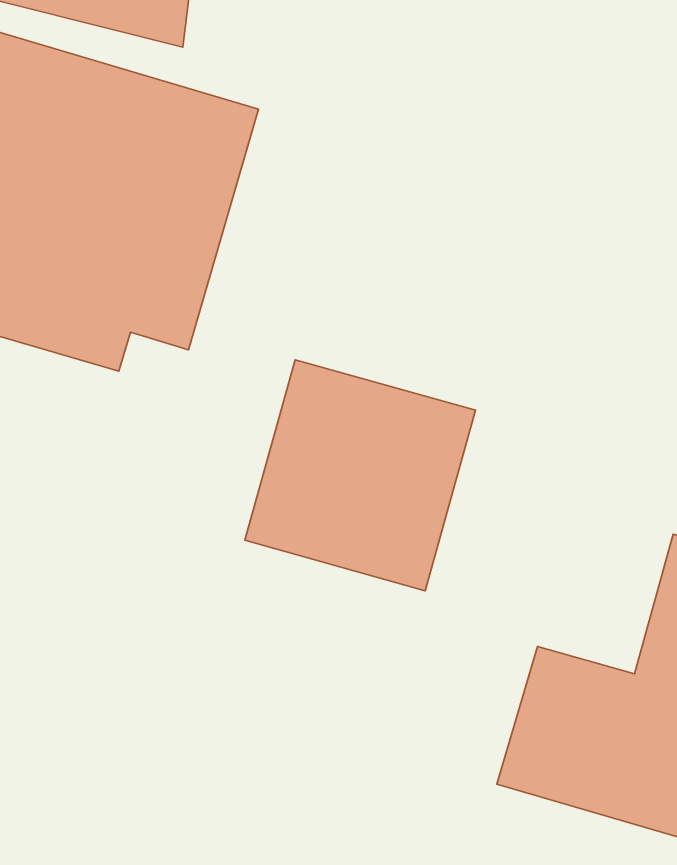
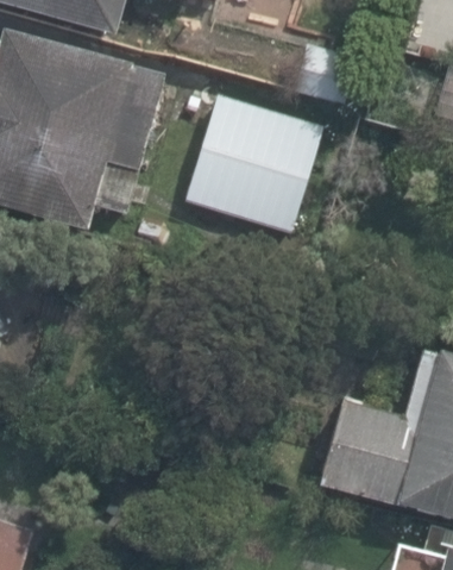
building: [245,360,475,591] -> [184,89,326,231]

